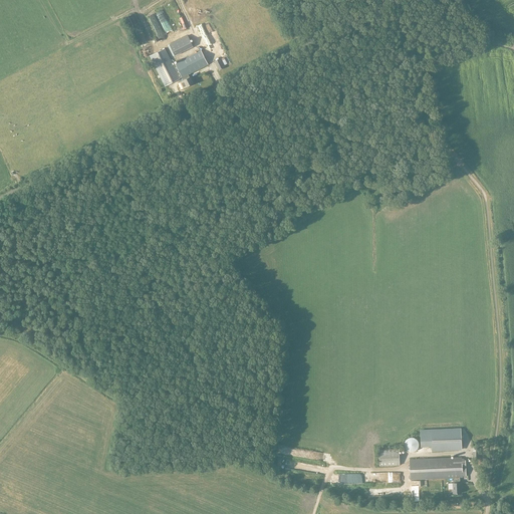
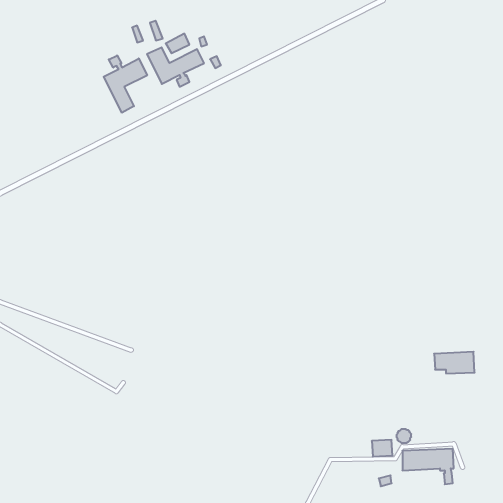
building: none -> [104,55,147,113]
building: [421,428,462,450] -> [434,352,475,373]

